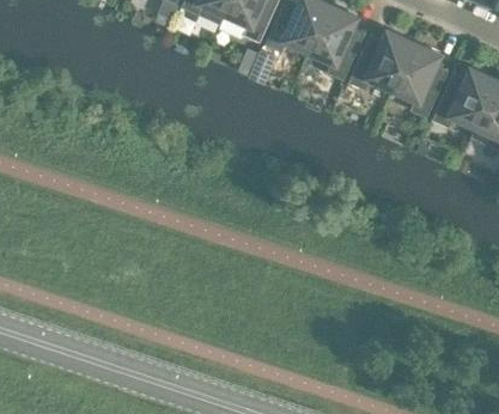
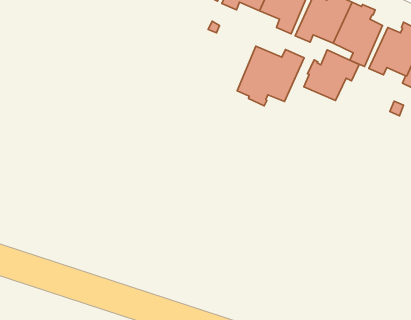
building: none -> [237,46,304,106]
building: none -> [304,50,359,101]

